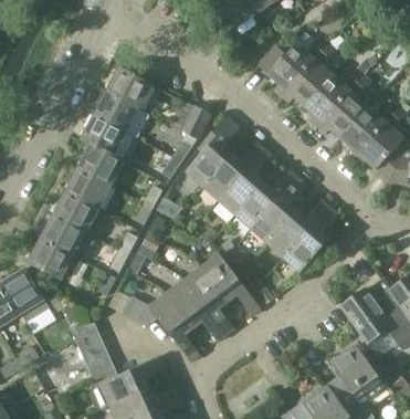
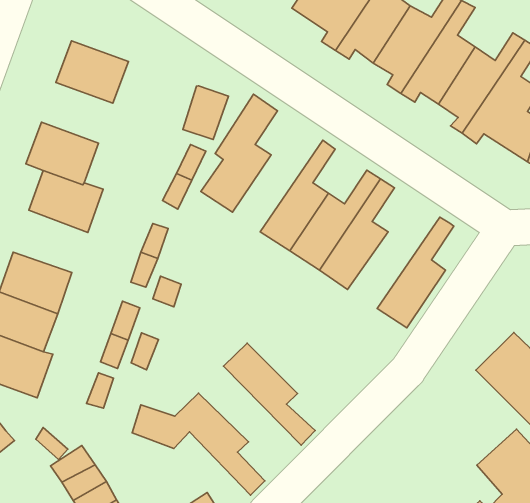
building: [94,92,139,133] -> none
building: [203,143,265,201] -> none
building: [65,168,113,210] -> none
building: [267,200,330,259] -> none
building: [201,254,261,315] -> none
building: [167,281,225,342] -> none

